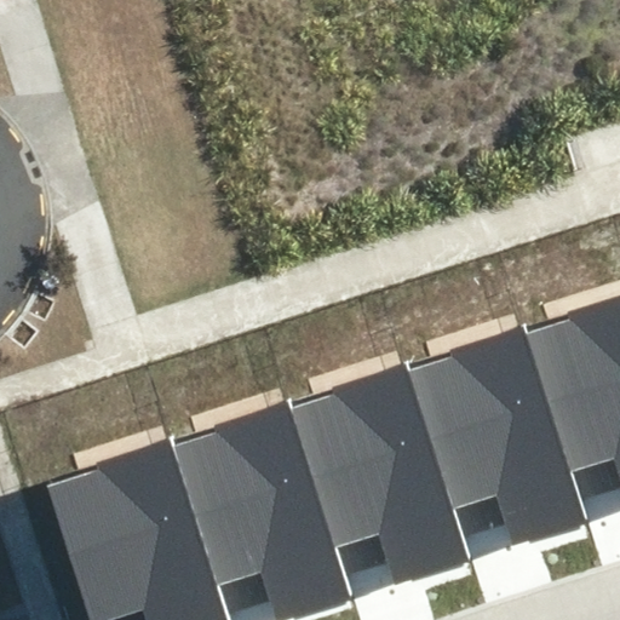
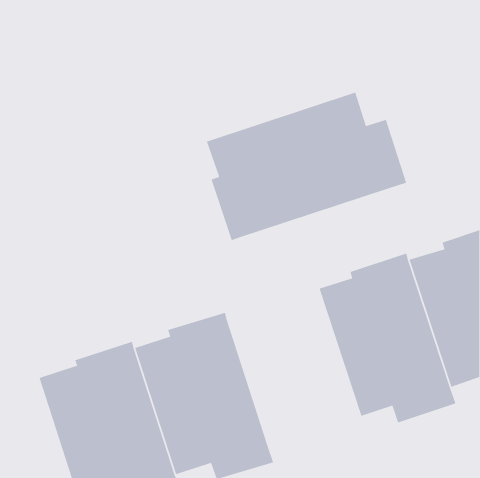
building: none -> [206,92,407,241]
building: [293,366,472,586] -> none

